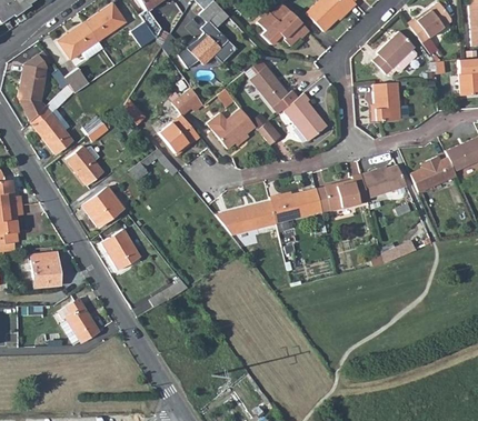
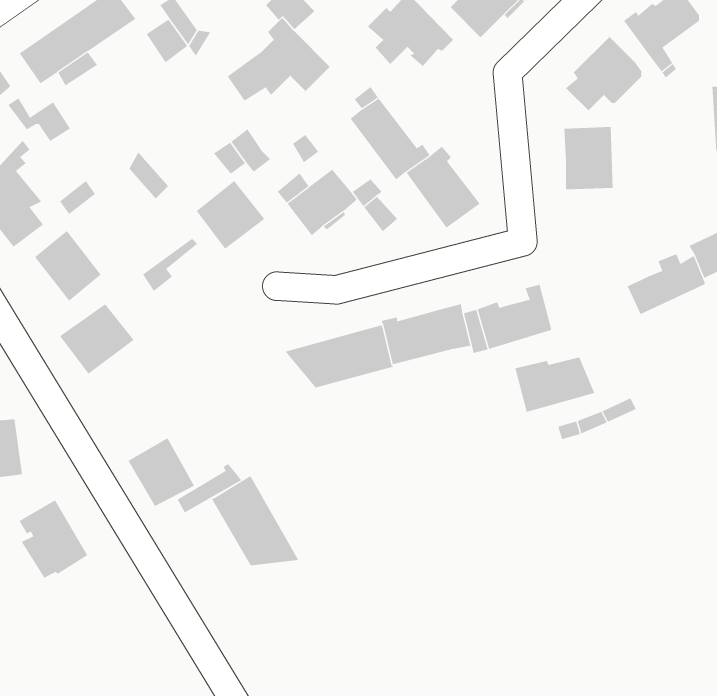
building: [359,168,406,200] -> [514,357,595,412]
building: [101,229,140,269] -> [128,438,195,507]
building: none -> [211,475,299,566]

